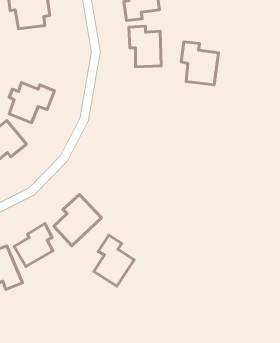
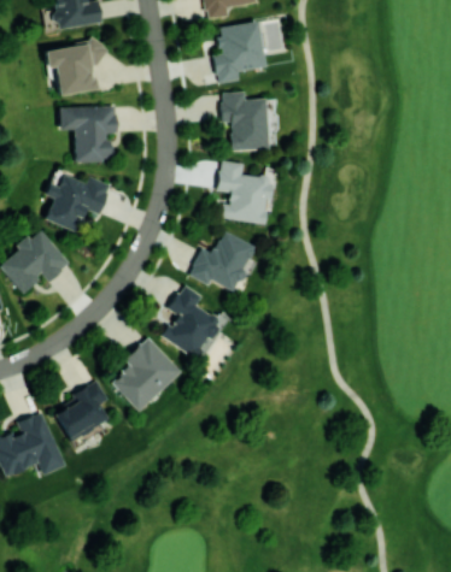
building: none -> [60,106,117,163]
building: [181,42,218,85] -> [217,161,271,224]
building: none -> [188,231,257,291]
building: [94,235,134,286] -> [162,284,221,359]

